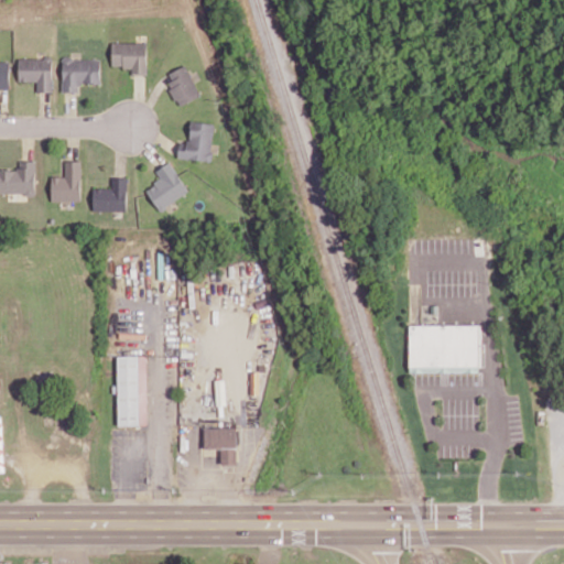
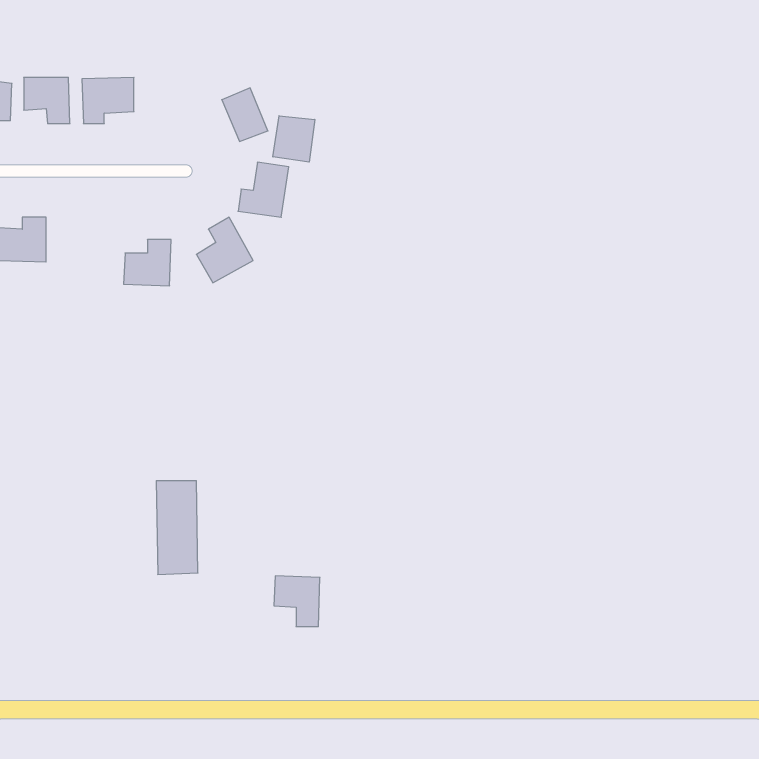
building: [110,43,145,76] -> none
building: none -> [273,116,315,162]
building: [50,161,80,203] -> none
building: [409,326,480,372] -> none

